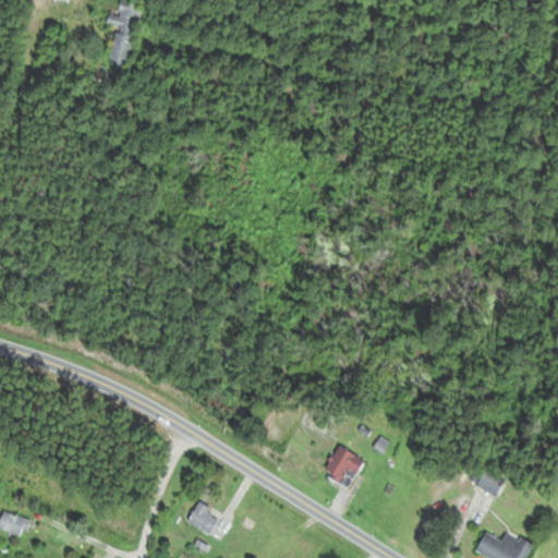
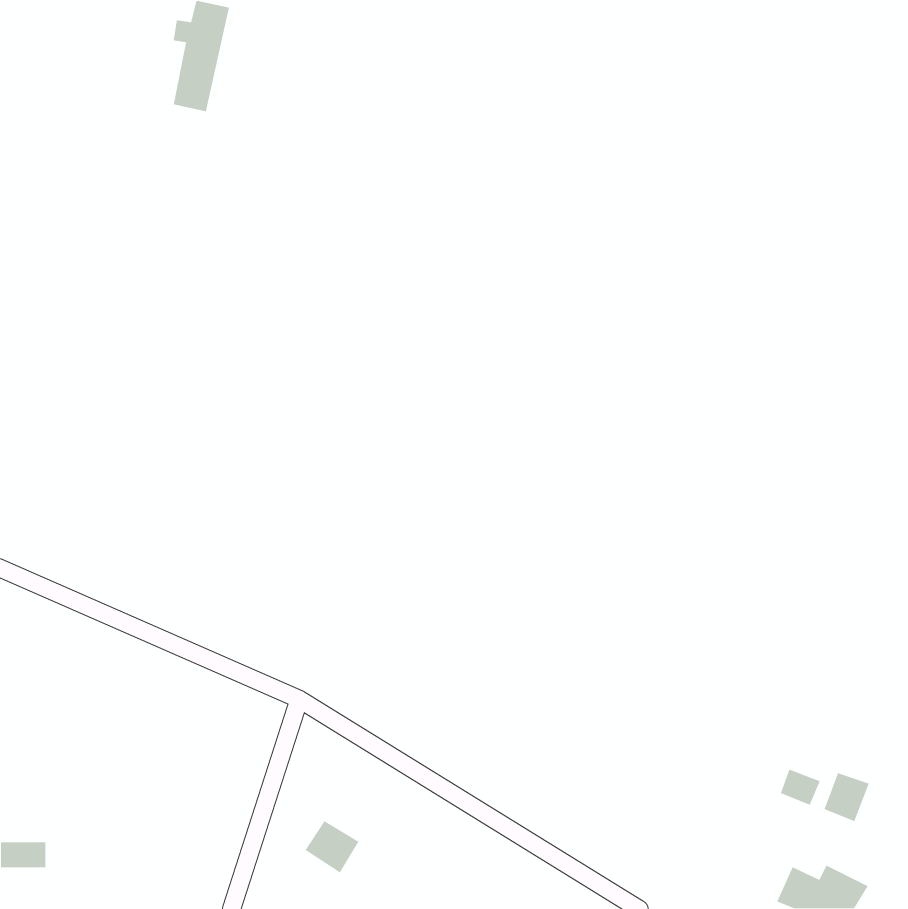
building: [323,446,363,488] -> none
building: none -> [824,772,870,822]

